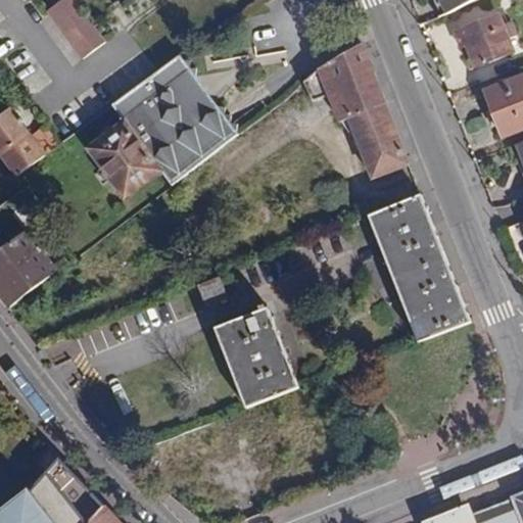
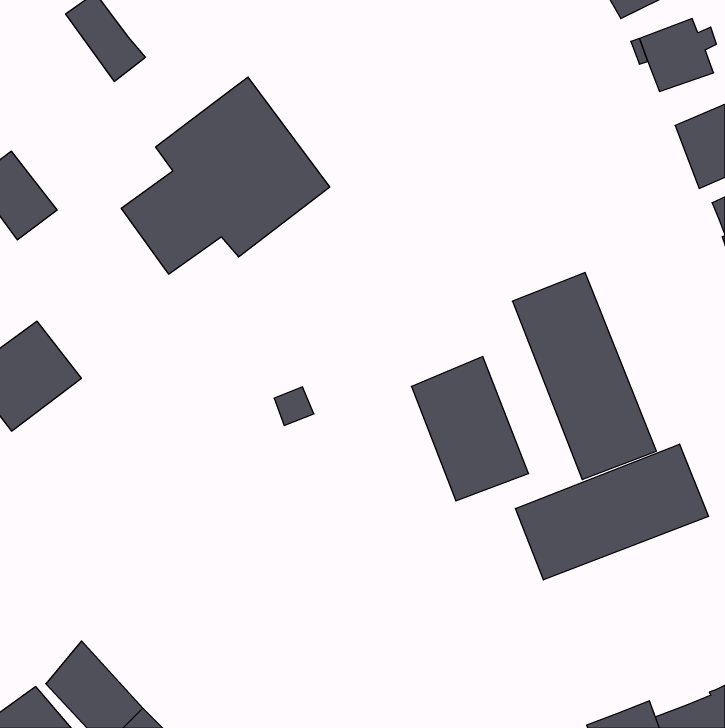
building: [302,45,406,176] -> none
building: [213,305,297,409] -> [411,357,529,501]
building: none -> [515,444,708,580]

